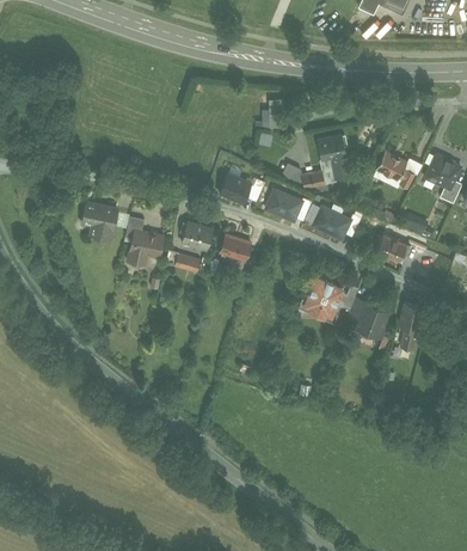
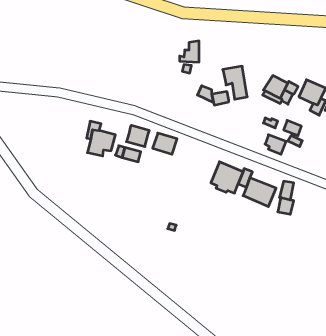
building: [215,171,252,203] -> none
building: [264,188,302,222] -> none
building: [80,198,119,238] -> none
building: [311,203,351,239] -> none

